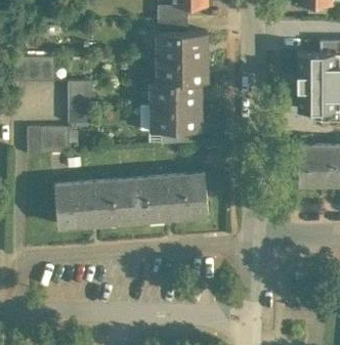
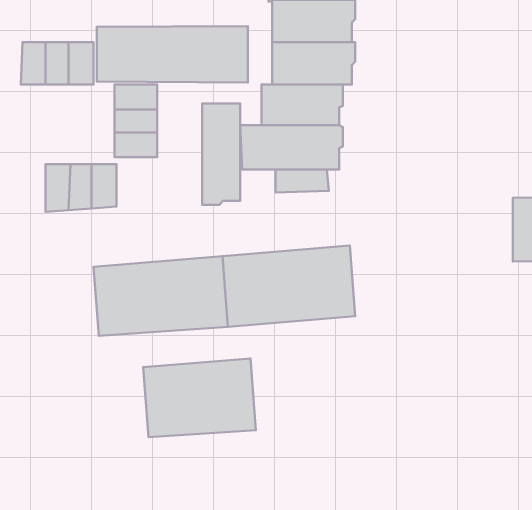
building: none -> [97,26,248,82]
building: none -> [202,104,240,205]
building: none -> [143,358,256,437]

